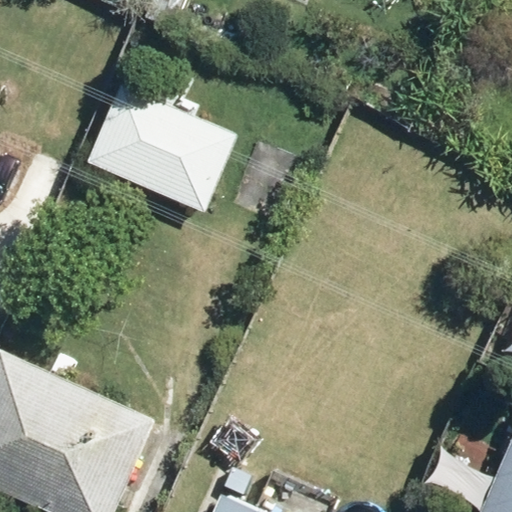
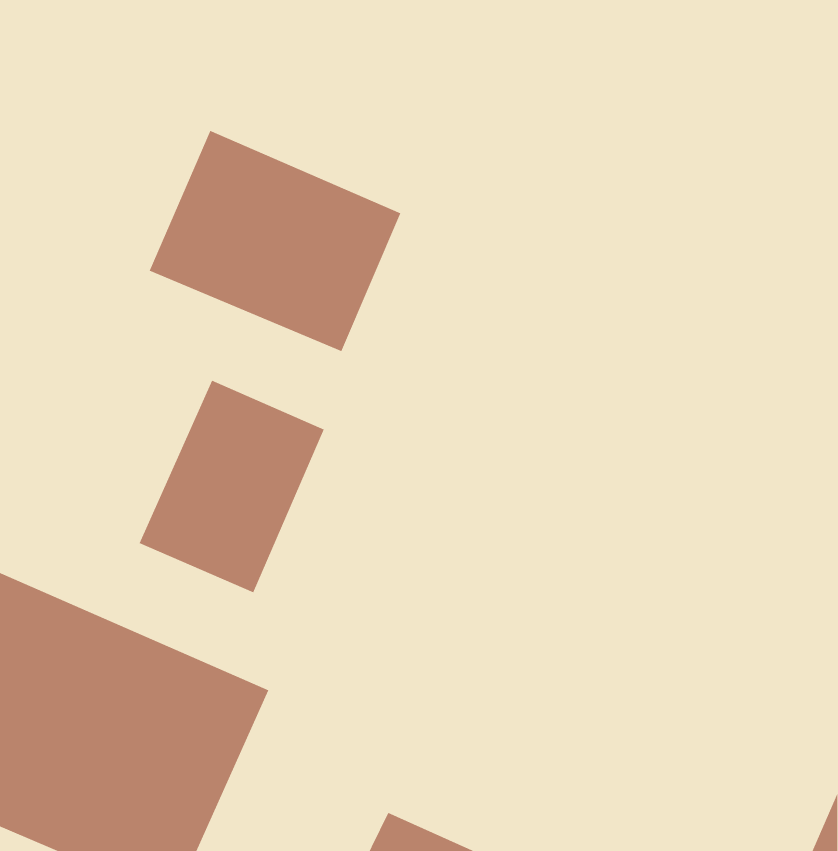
building: none -> [139,380,325,593]

